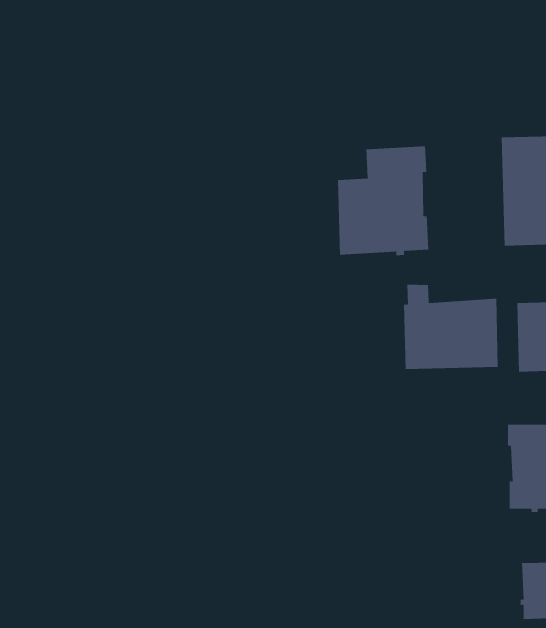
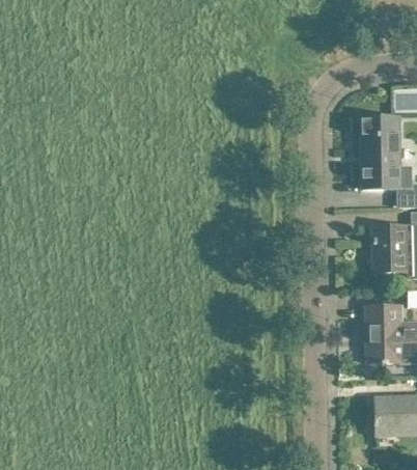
building: [337,145,429,256] -> none
building: [404,284,498,370] -> none

